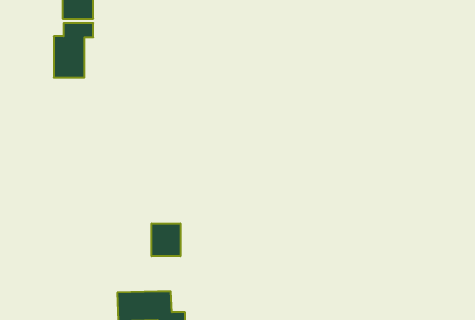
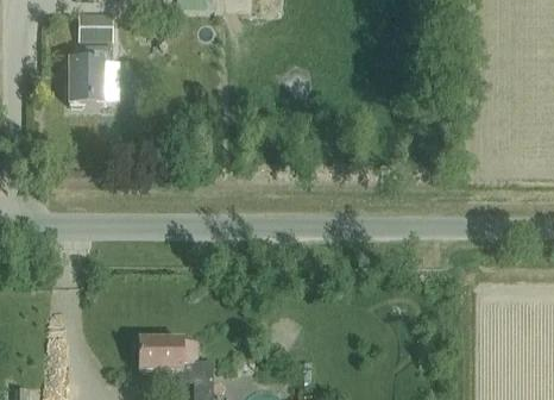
building: [152,223,180,256] -> none

